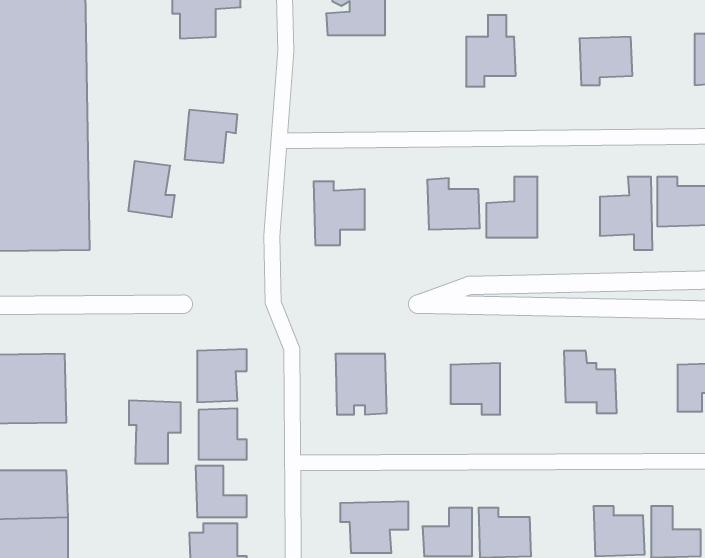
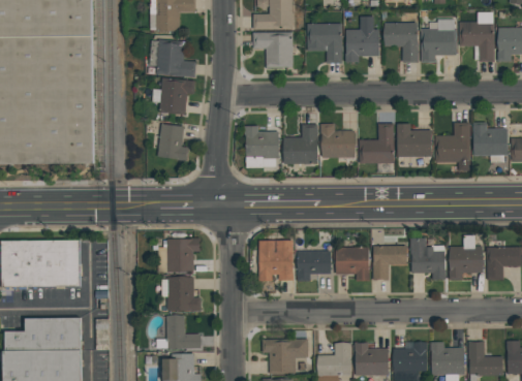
building: none -> [385,22,418,63]
building: none -> [459,22,494,62]
building: none -> [307,24,343,63]
building: none -> [253,32,293,67]
building: none -> [156,39,196,77]
building: [128,161,175,217] -> [157,124,188,161]
building: none -> [283,124,318,163]
building: none -> [397,124,432,156]
building: none -> [450,235,483,280]
building: none -> [373,246,407,281]
building: none -> [298,251,331,282]
building: [129,400,180,464] -> none
building: none -> [394,342,428,371]

